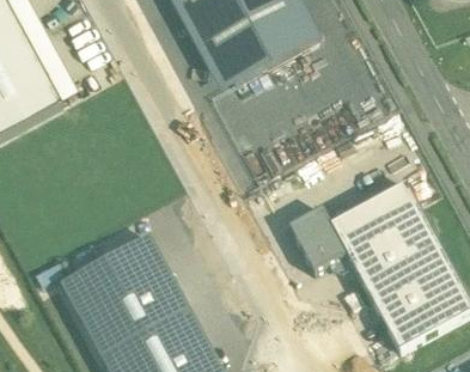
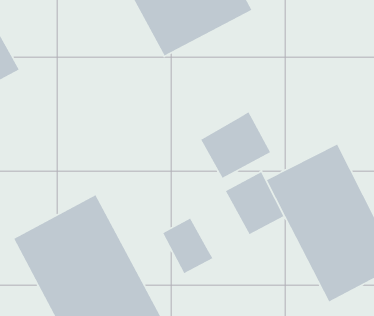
building: none -> [200,111,271,179]
building: none -> [162,217,213,274]

